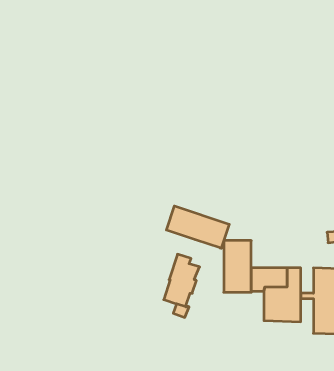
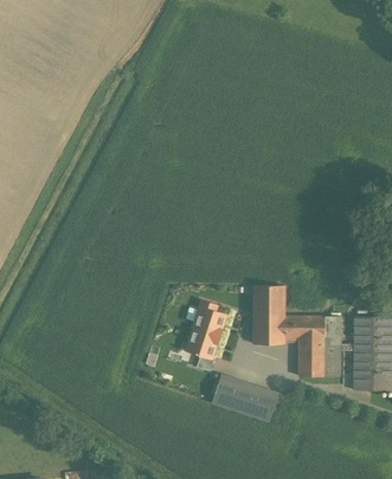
building: [166,206,229,248] -> none
building: none -> [212,375,278,421]

